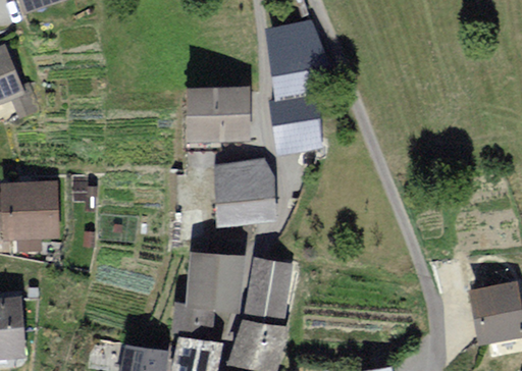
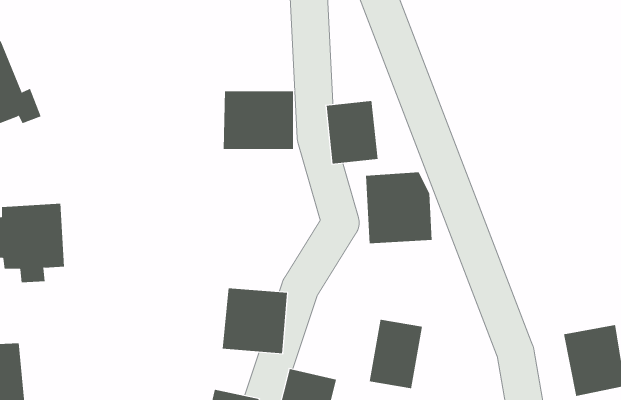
building: [267,22,327,93] -> none
building: [217,161,273,221] -> [365,172,432,244]
building: [246,260,291,318] -> [369,319,423,389]
building: [171,305,220,337] -> none

